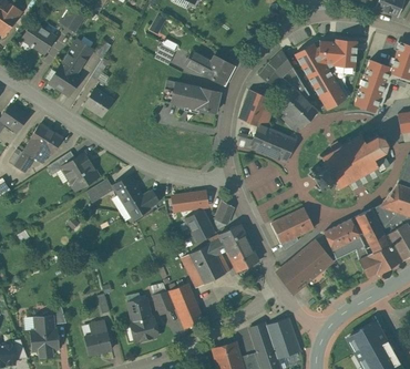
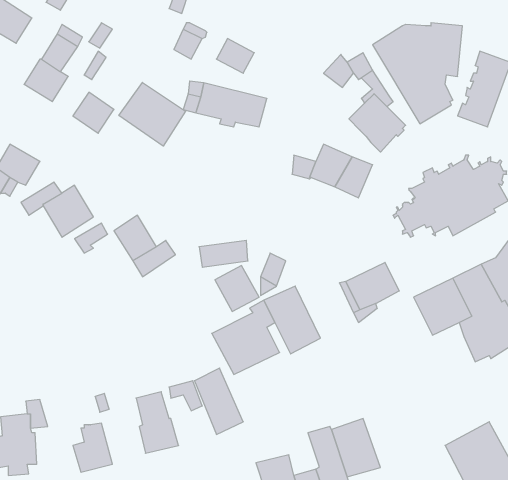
building: [204,55,234,85] -> none
building: none -> [119,82,186,146]
building: [239,90,275,130] -> none
building: [277,240,332,295] -> none

